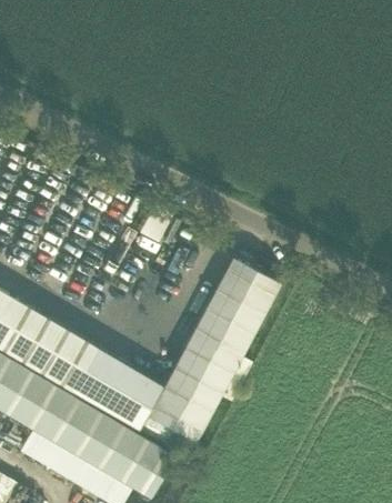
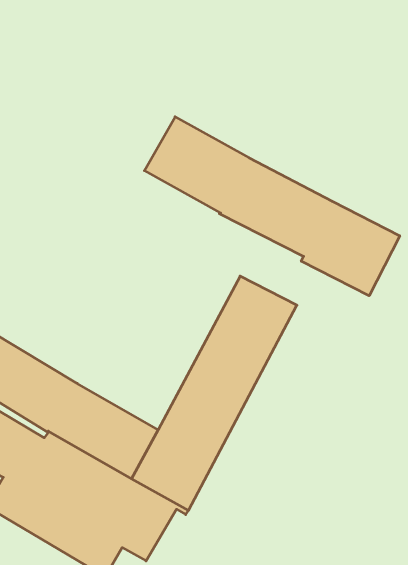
building: none -> [144,117,400,296]

